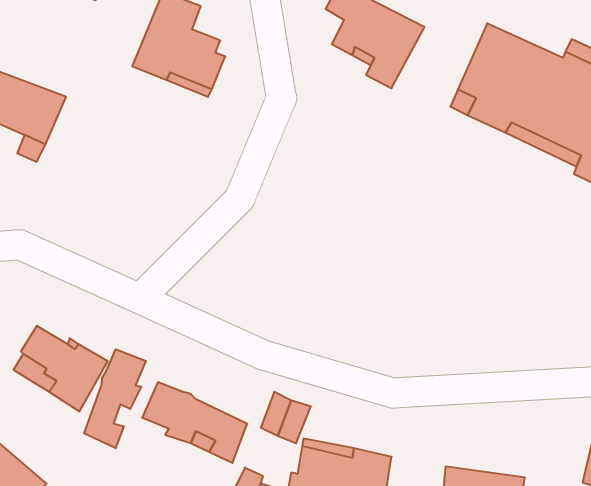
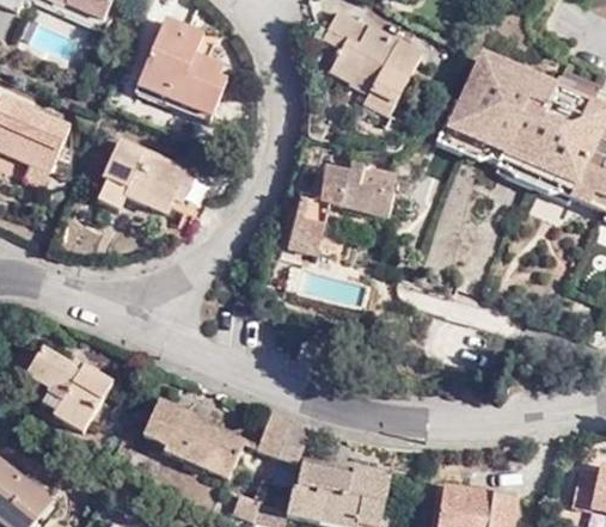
building: none -> [98,139,207,216]
building: none -> [288,161,393,255]
building: [84,349,146,448] -> none

